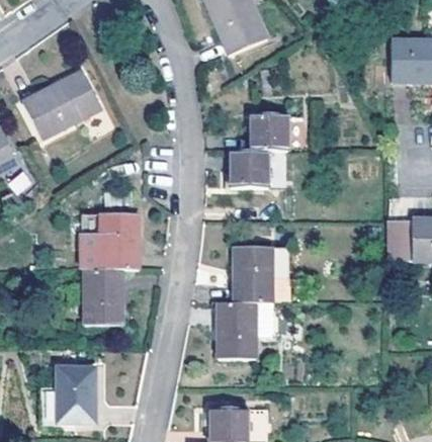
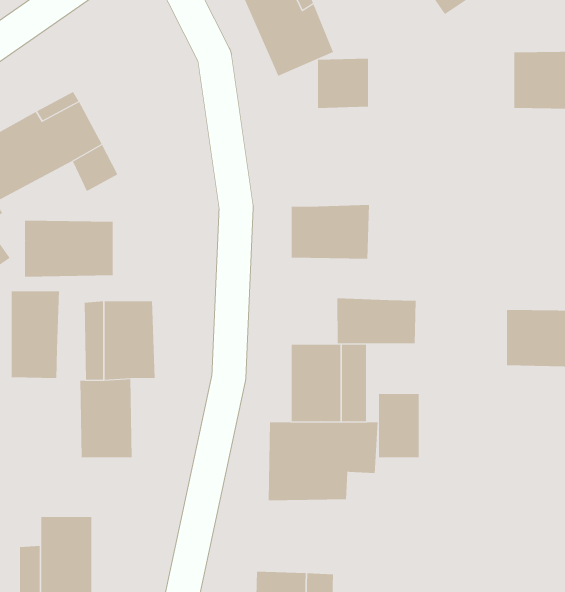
building: [253,112,289,148] -> [317,58,369,108]
building: none -> [25,220,113,277]
building: none -> [11,290,60,379]
building: none -> [337,298,416,344]
building: none -> [378,393,419,458]

